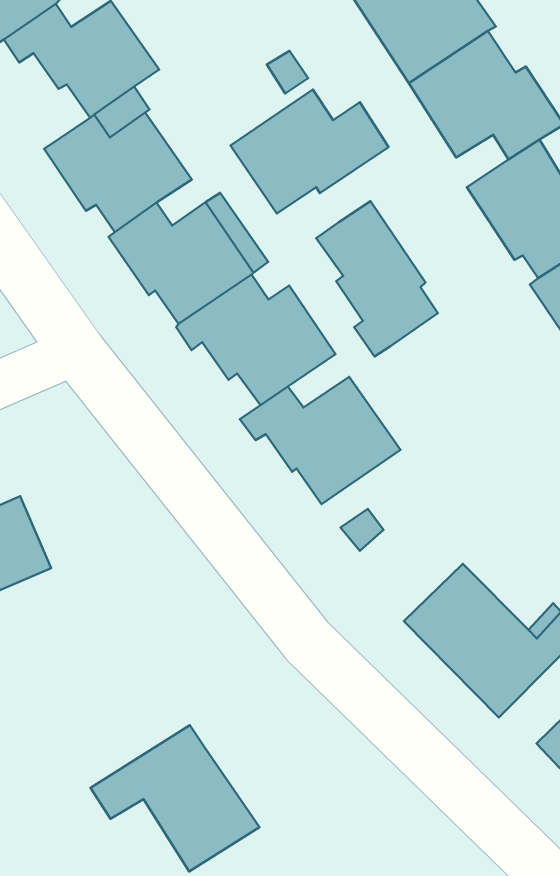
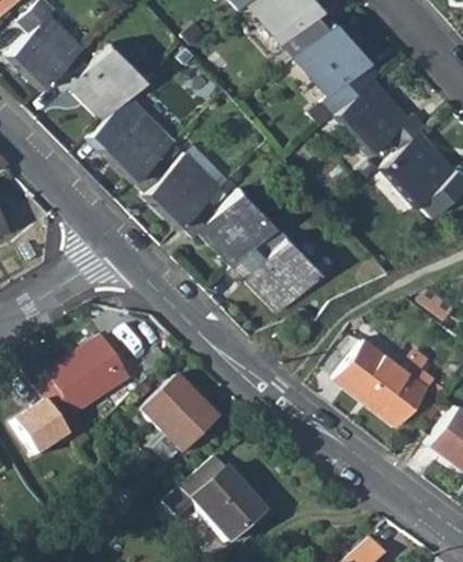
building: [231,89,389,213] -> none
building: [316,201,438,357] -> none
building: none -> [138,375,214,452]

